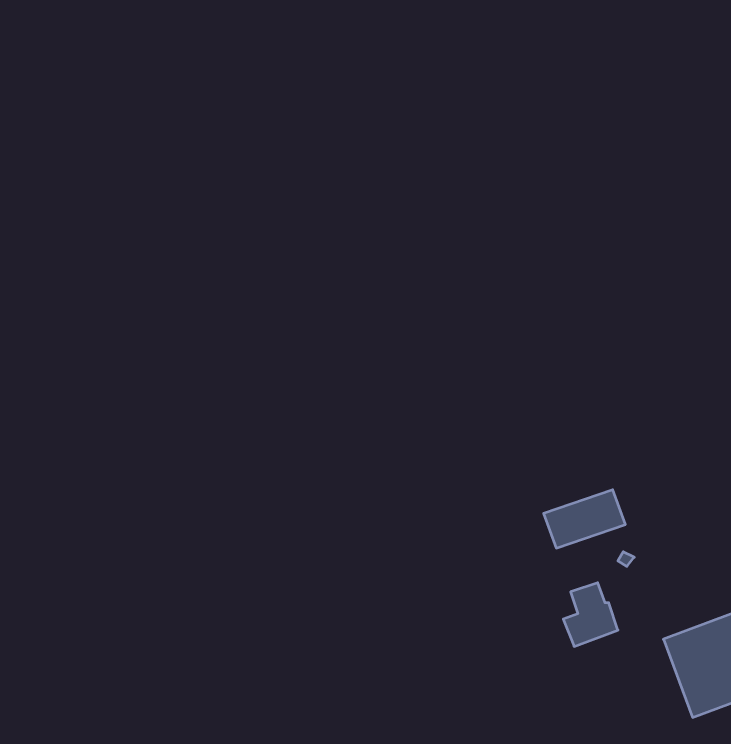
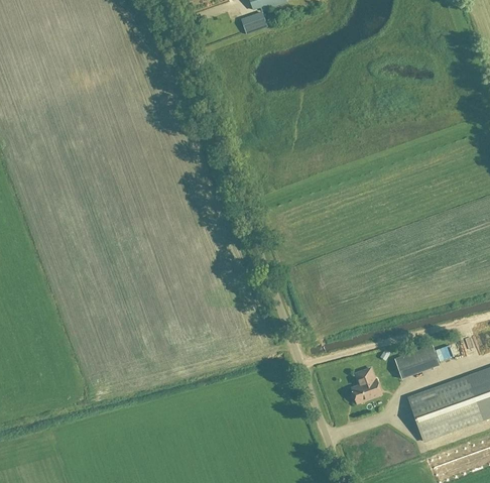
building: [544,490,625,548] -> [394,344,440,376]

